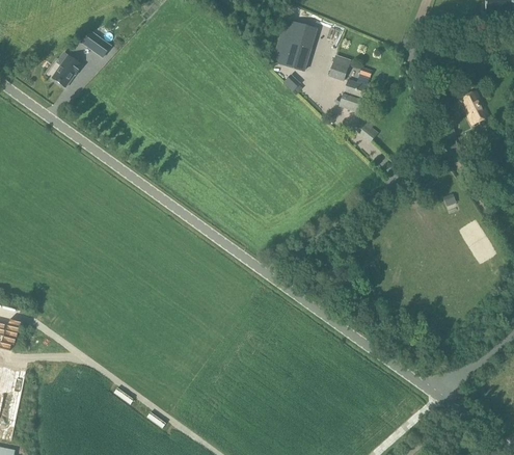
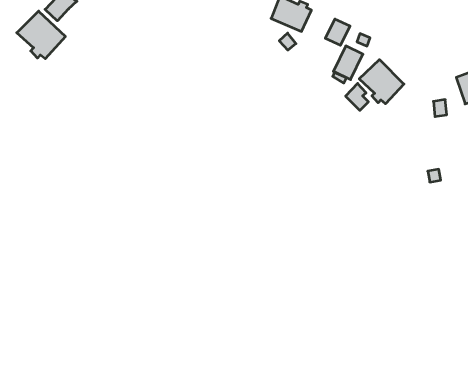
building: none -> [17,11,65,59]
building: none -> [359,60,404,104]

